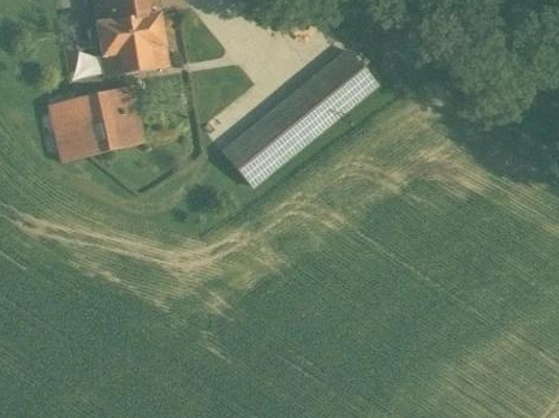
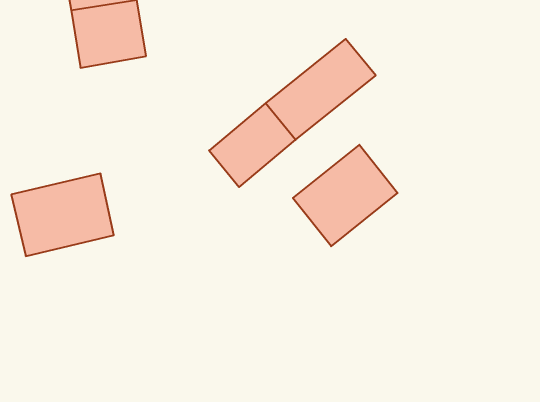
building: [49,85,143,161] -> [11,174,114,256]
building: none -> [293,145,398,246]

